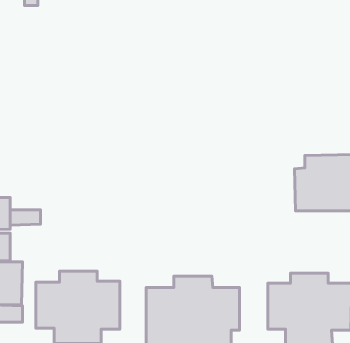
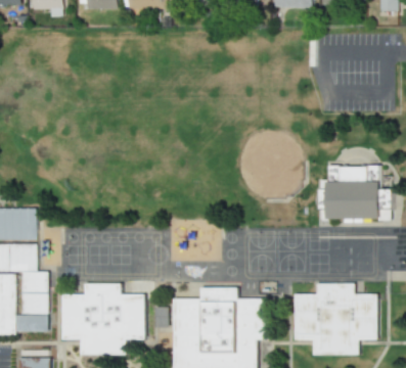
building: [10,210,40,225] -> none

